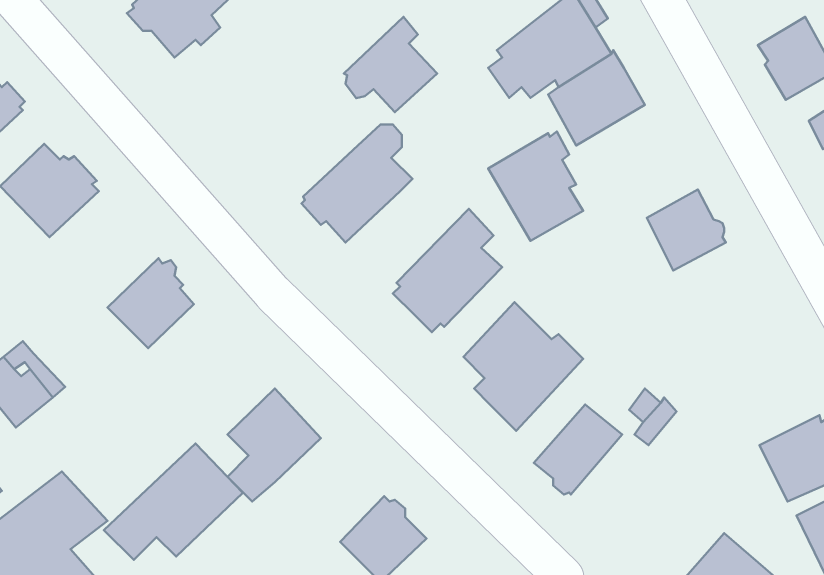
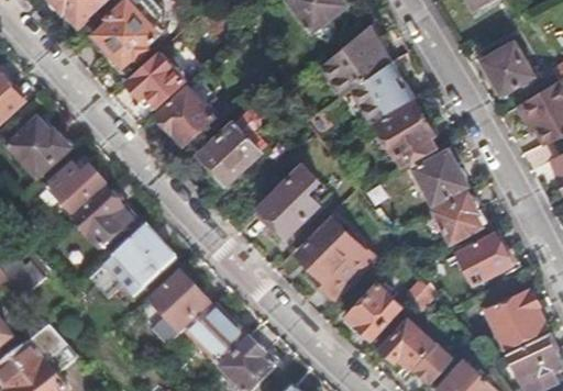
building: [344,17,437,112] -> [155,79,213,138]
building: none -> [126,53,184,105]
building: [488,131,583,241] -> [376,99,435,167]
building: none -> [40,166,106,214]
building: none -> [433,192,479,238]
building: none -> [457,232,507,284]
building: none -> [186,304,246,364]
building: [104,444,243,560] -> [89,227,176,300]
building: none -> [378,317,451,383]

